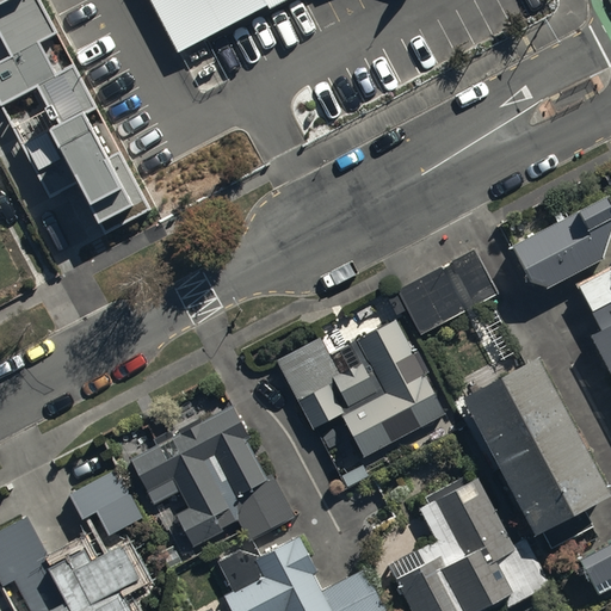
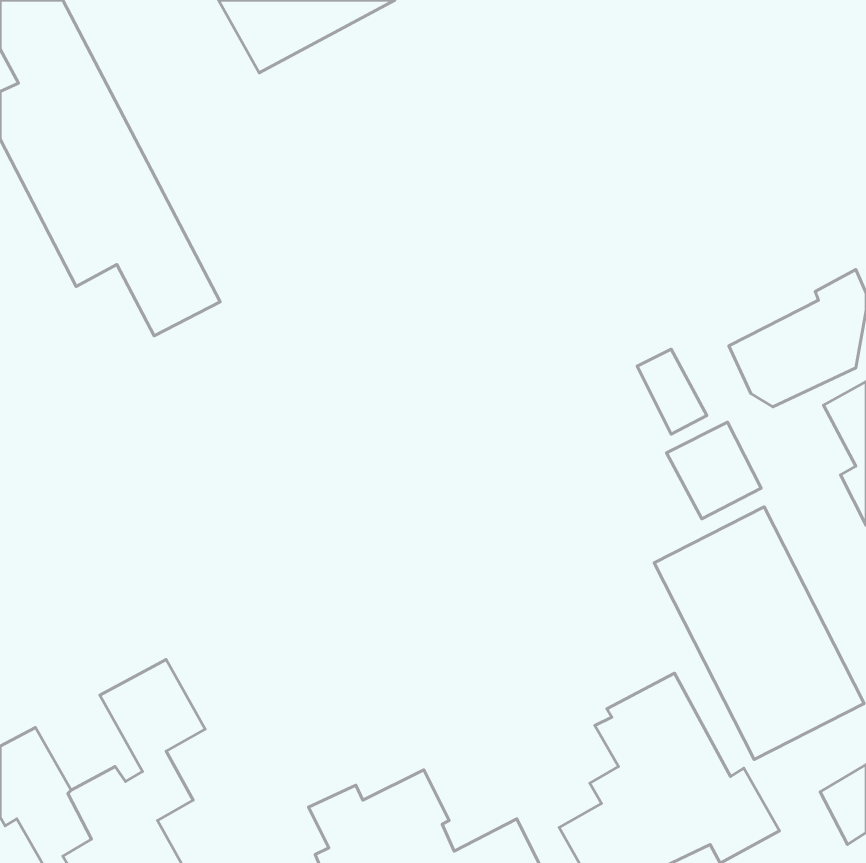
building: [395,264,462,332] -> [666,422,761,519]
building: [282,316,444,453] -> none
building: [128,422,294,543] -> none

